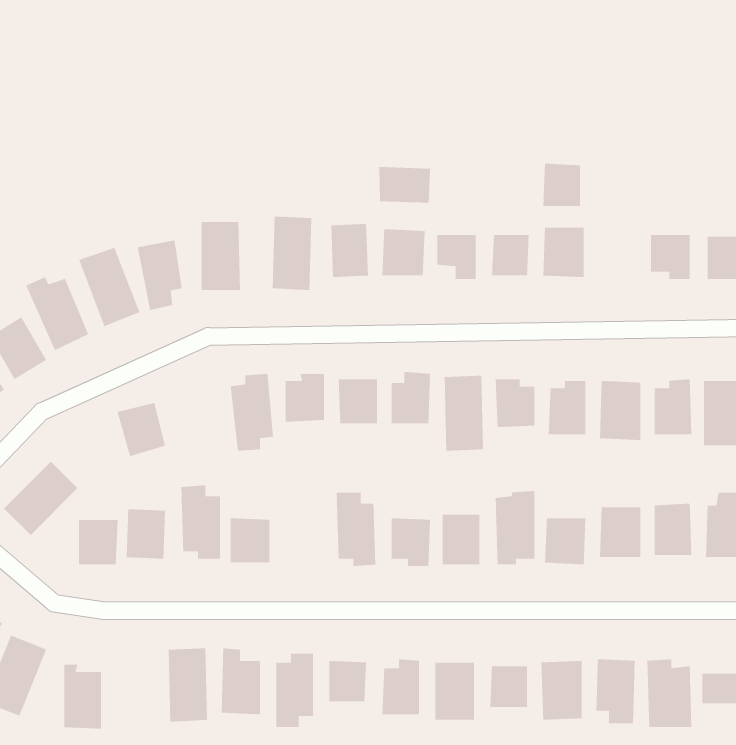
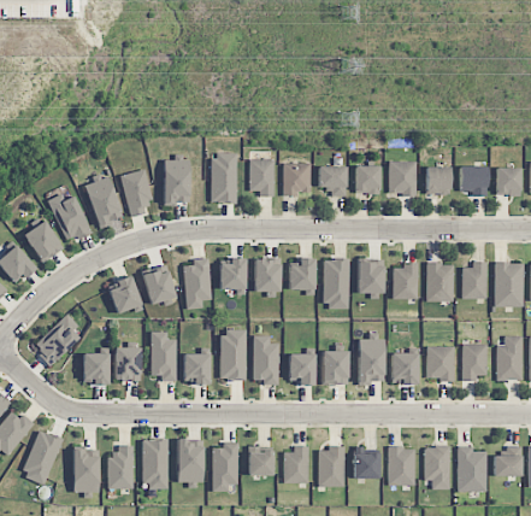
building: [542,163,581,207] -> [425,165,450,194]
building: [379,166,431,204] -> none
building: none -> [142,265,177,304]
building: none -> [220,328,246,379]
building: none -> [107,445,134,488]

